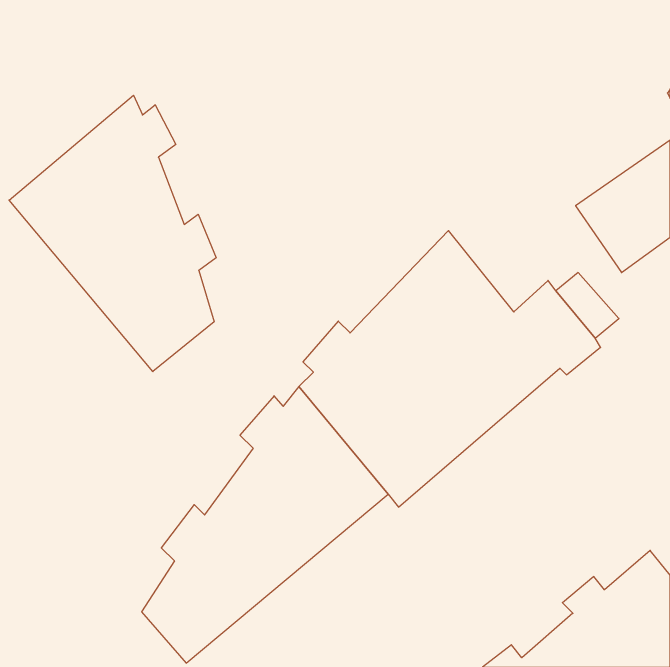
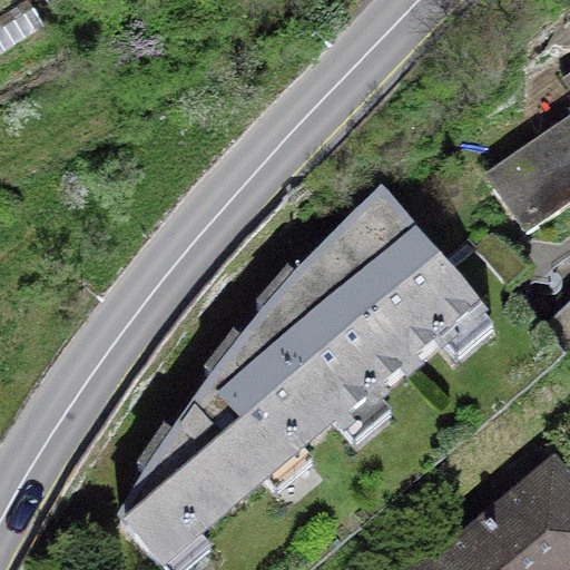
building: [9,95,216,372] -> none

